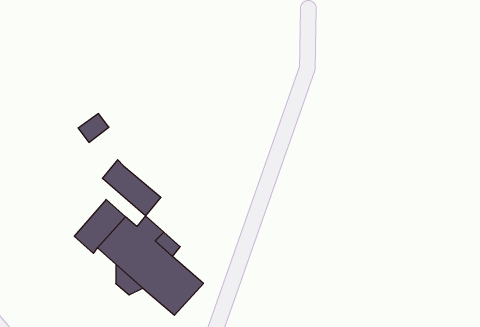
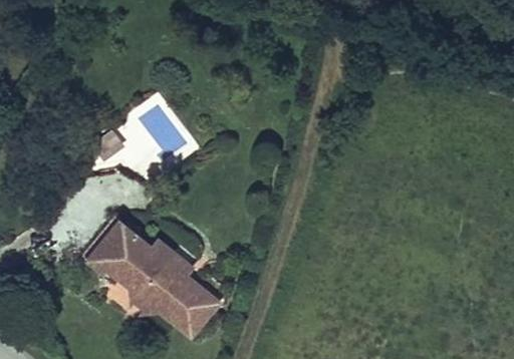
building: [102,160,161,216] -> none

